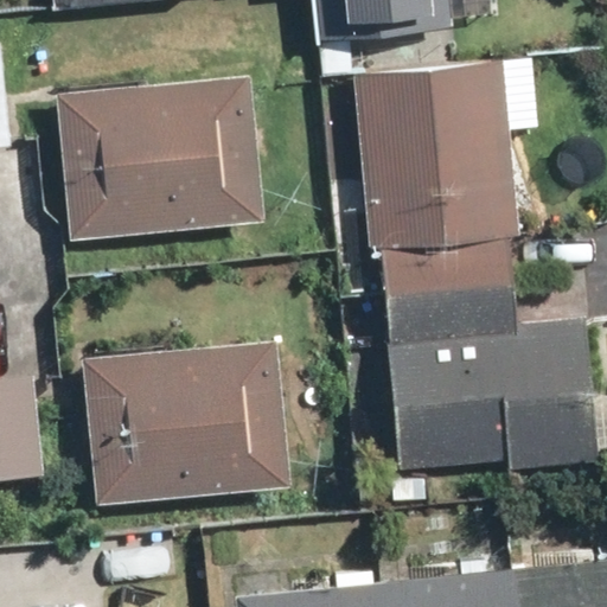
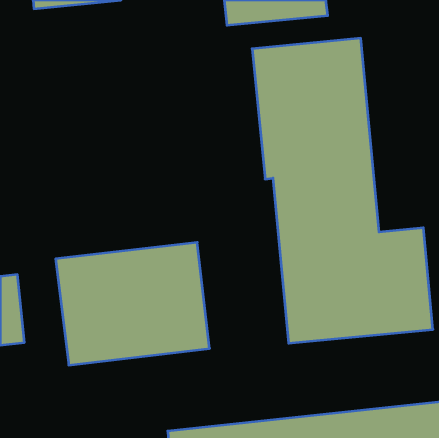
building: [57,77,263,242] -> none

